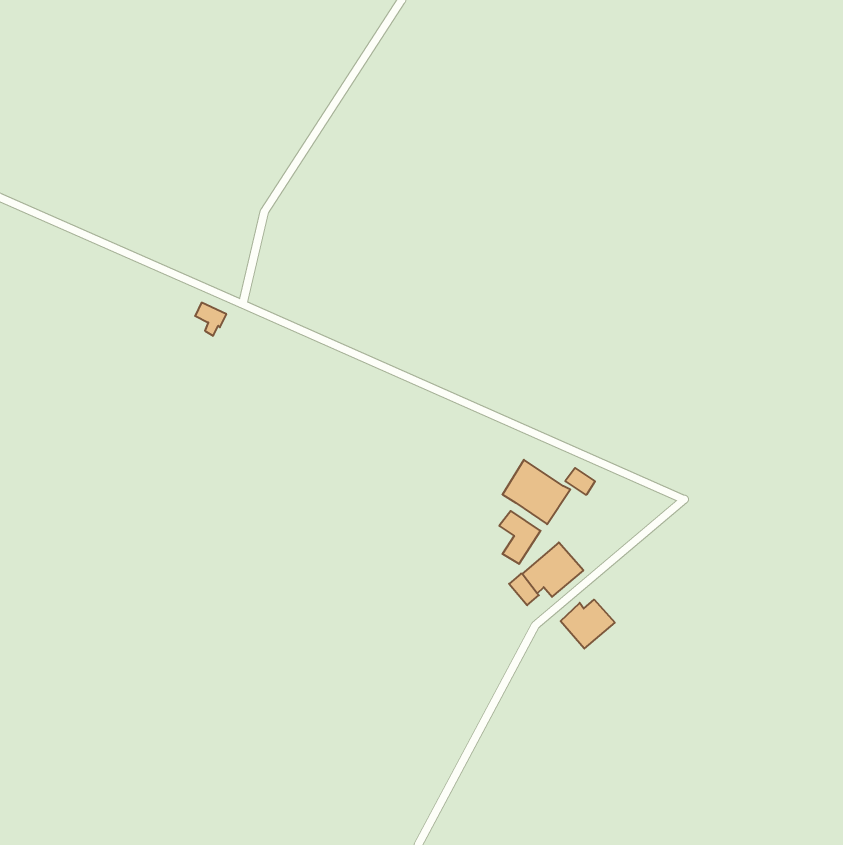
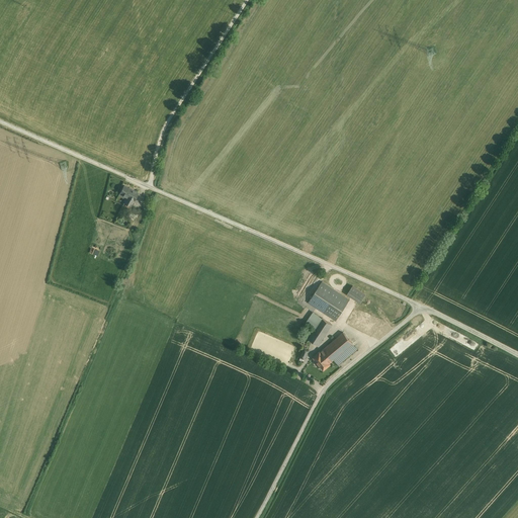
building: [561,600,615,649] -> none

